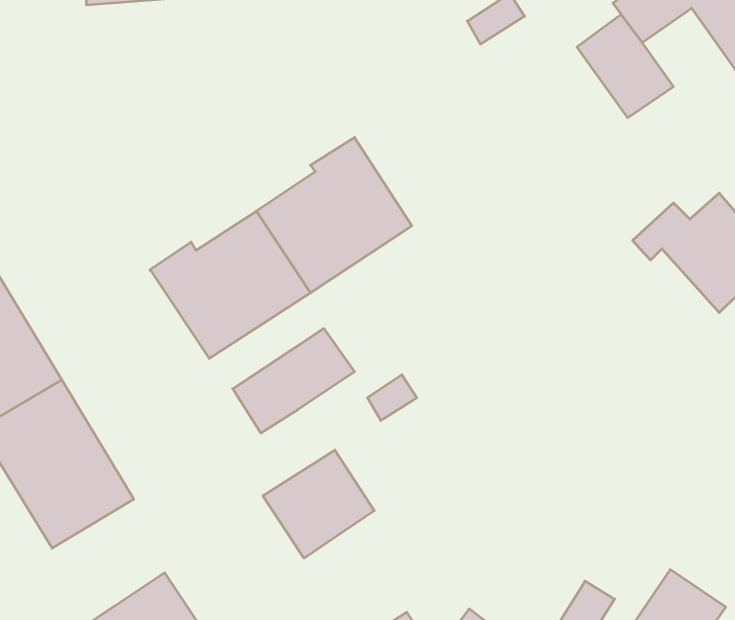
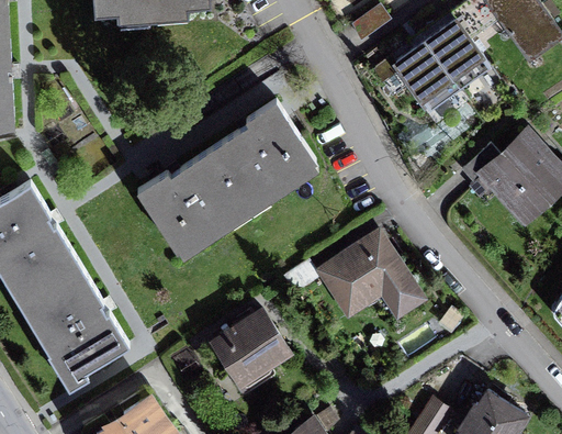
building: none -> [373,43,458,111]
building: [233,329,355,433] -> none
building: none -> [322,237,418,315]

